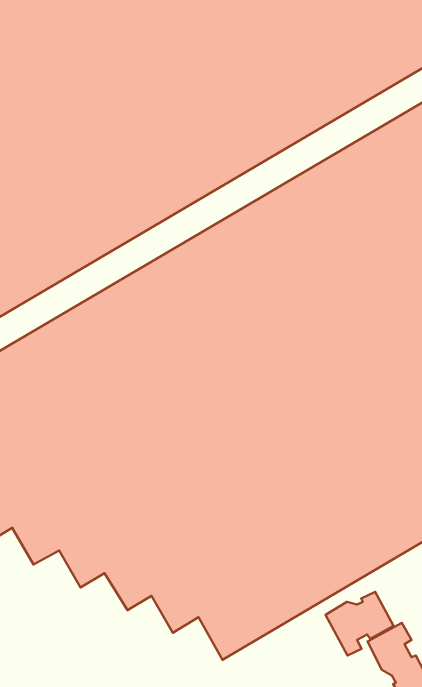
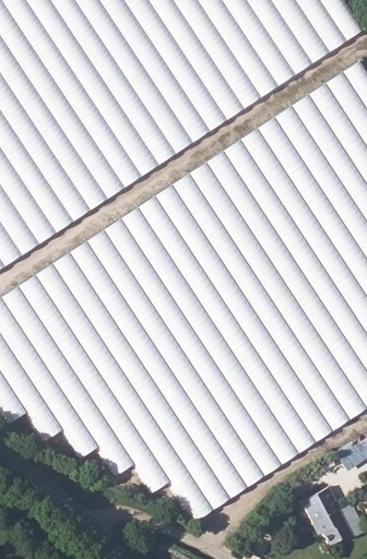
building: [325,592,393,656] -> none

